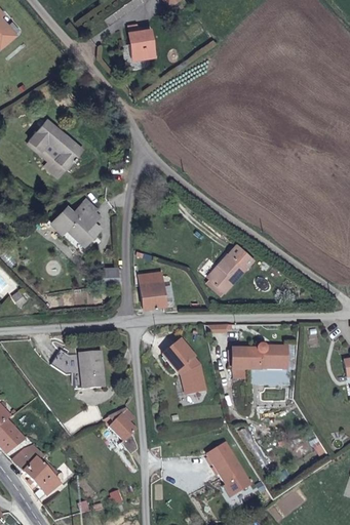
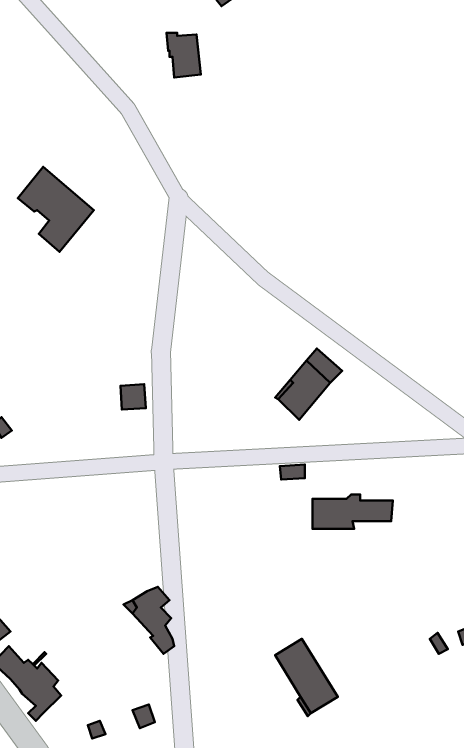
building: [51,201,101,243] -> none
building: [140,282,165,308] -> none
building: [162,338,205,392] -> none
building: [51,349,104,388] -> none

